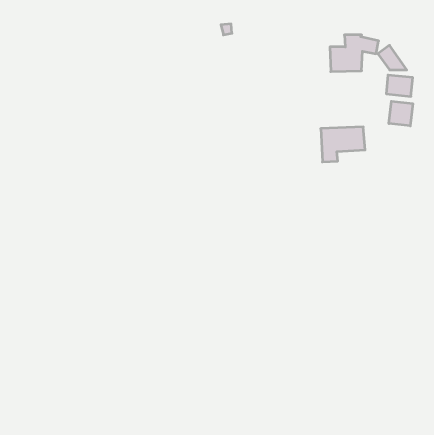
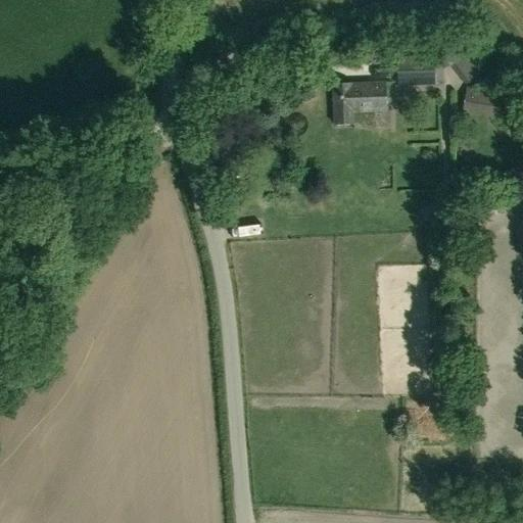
building: [389,101,413,126] -> none
building: [321,127,365,162] -> [334,84,387,126]

